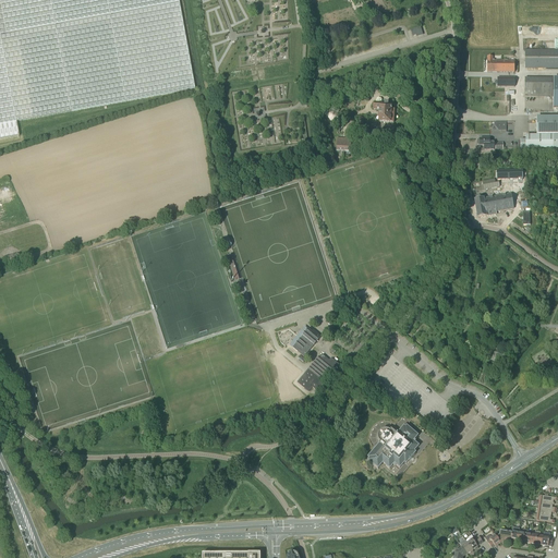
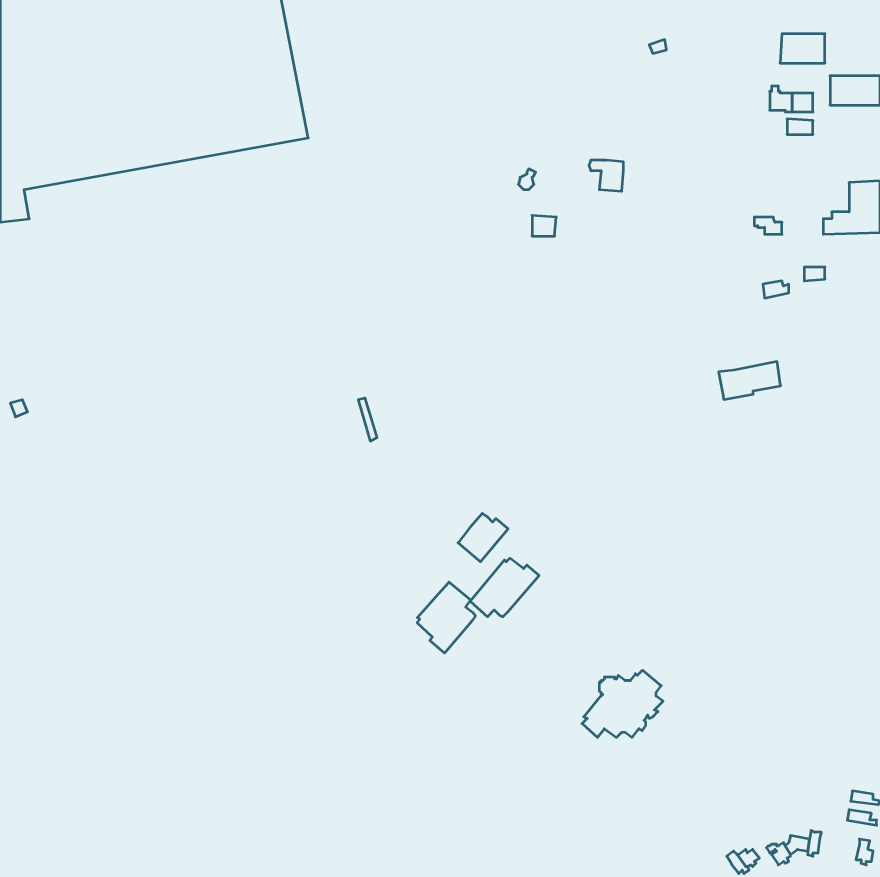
building: [524,76,553,95] -> [780,34,825,63]
building: [474,192,513,216] -> [719,362,781,399]
building: none -> [417,582,475,653]

